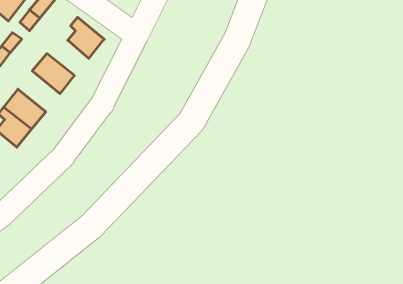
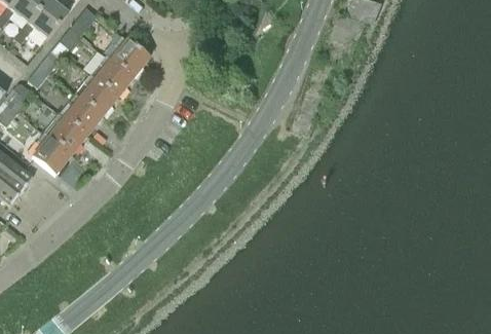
building: none -> [87,53,133,97]
building: none -> [56,91,102,136]

